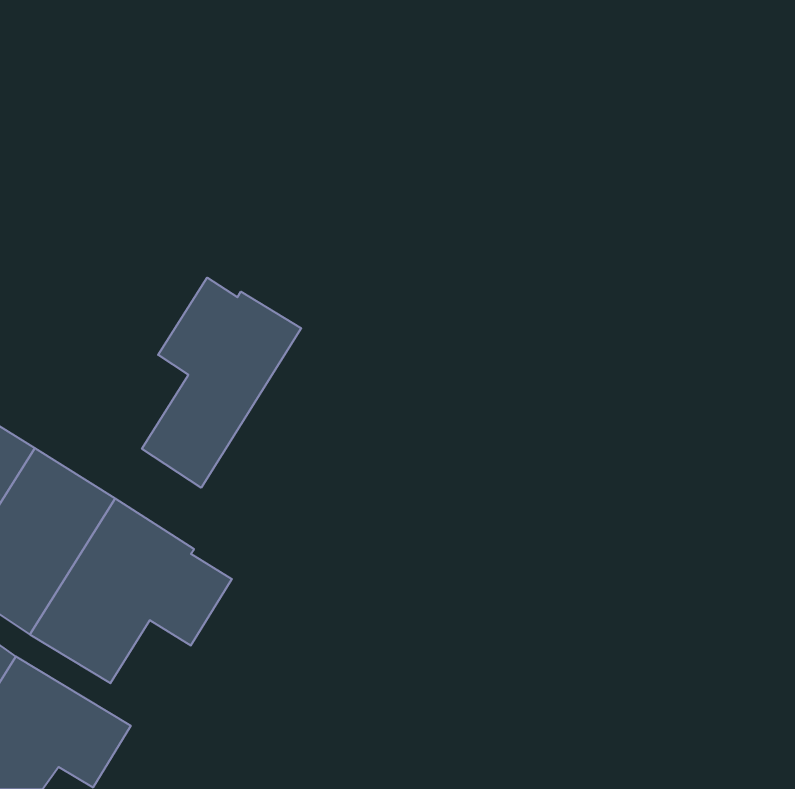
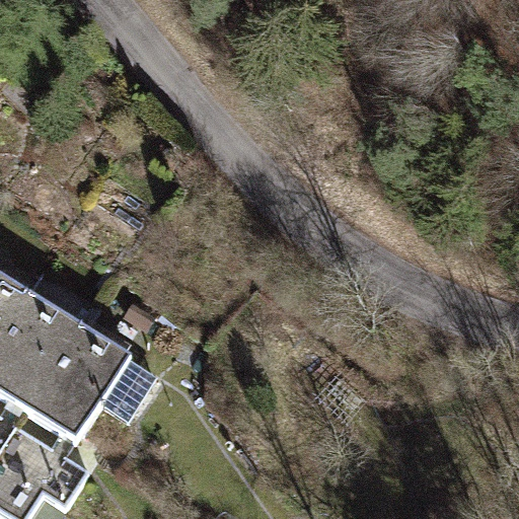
building: [142,278,301,488] -> none

